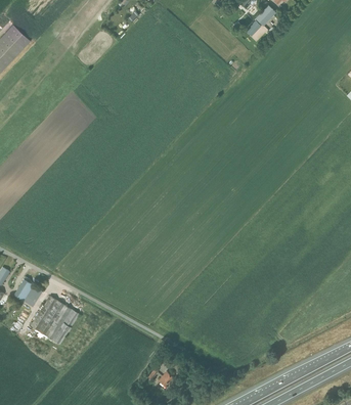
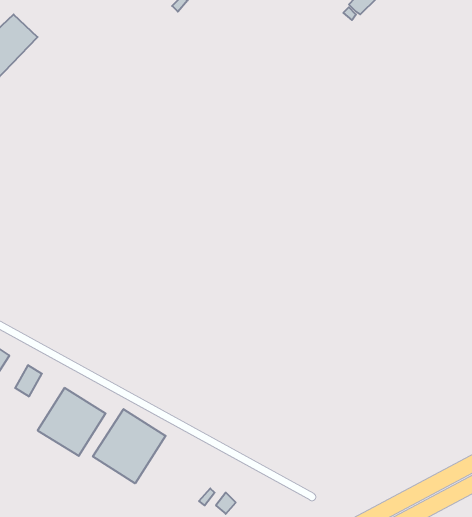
building: none -> [93,409,166,483]

